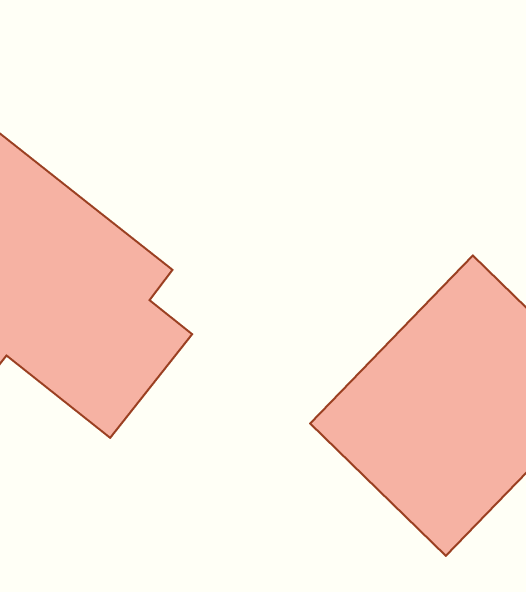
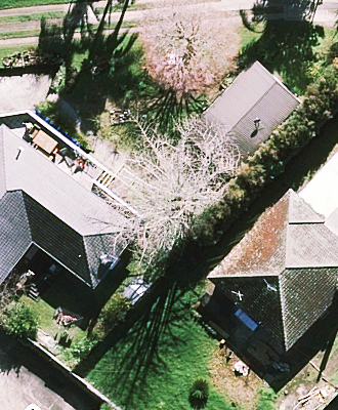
building: none -> [198,59,296,159]

